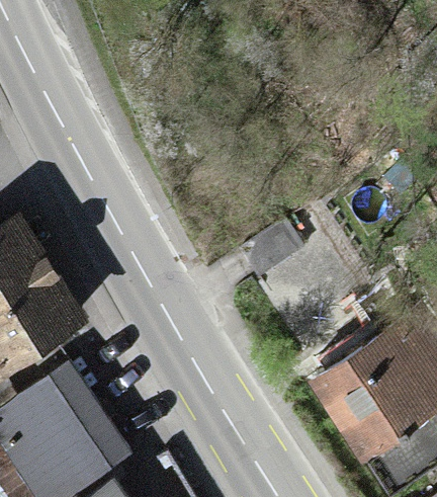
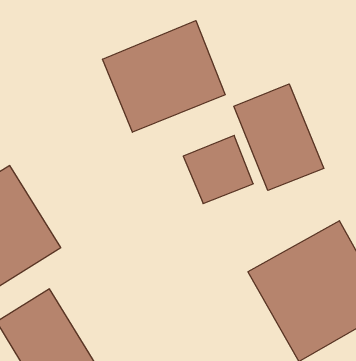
building: none -> [103,21,225,132]
building: none -> [234,84,324,190]

